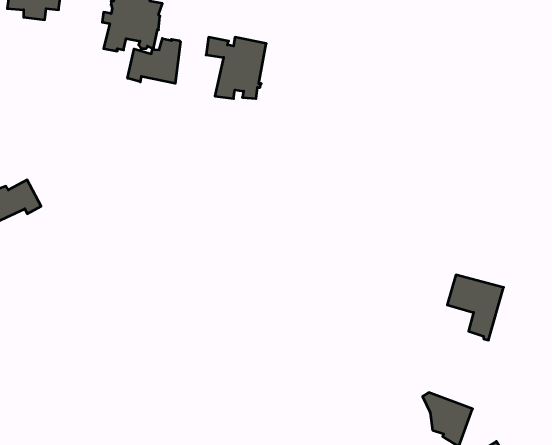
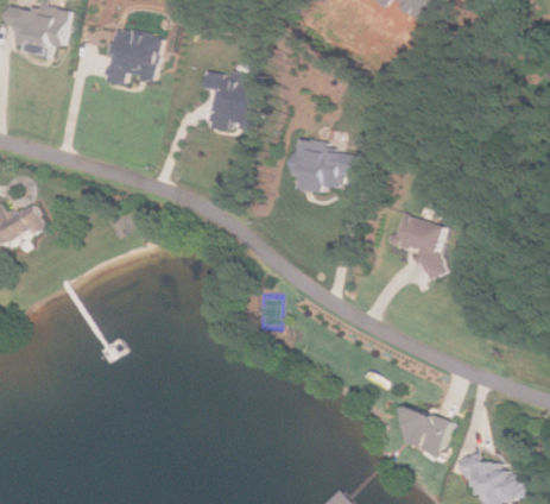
building: [128,38,180,83] -> none
building: none -> [290,140,355,191]
building: [447,275,504,340] -> [392,213,445,275]

